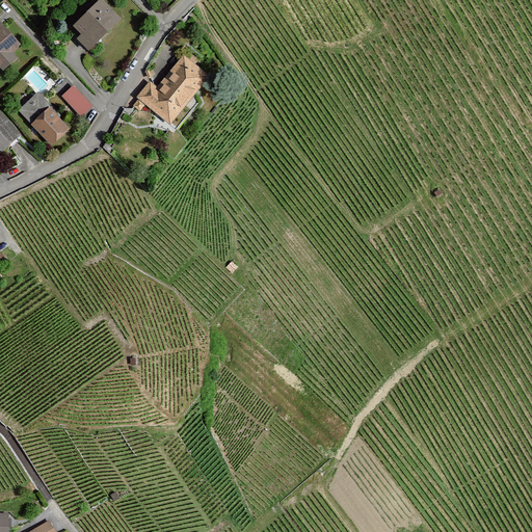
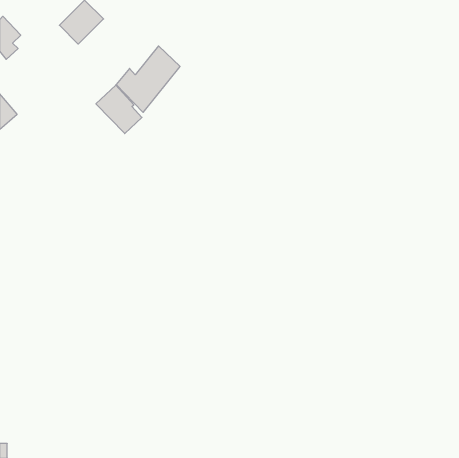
building: [60,86,91,117] -> none
building: [16,90,69,147] -> [96,85,142,134]

